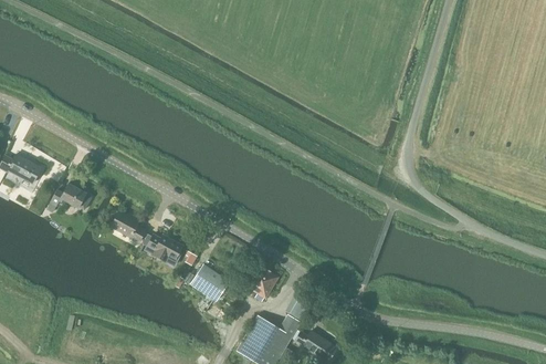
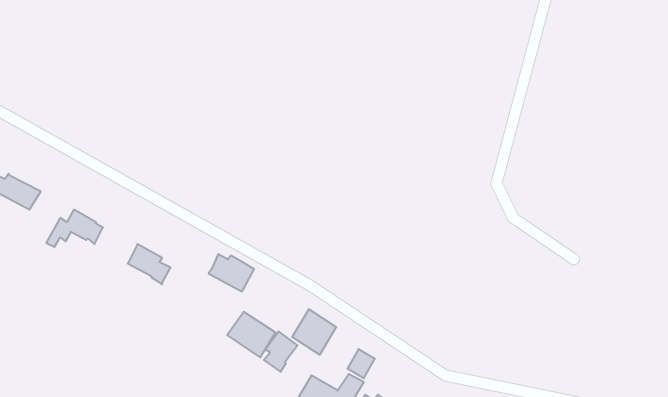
building: [145,233,181,263] -> [209,254,254,291]
building: none -> [264,331,298,372]

